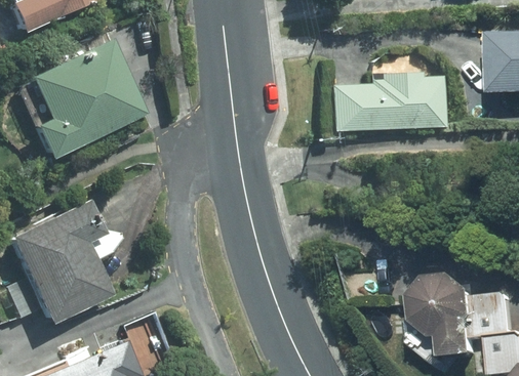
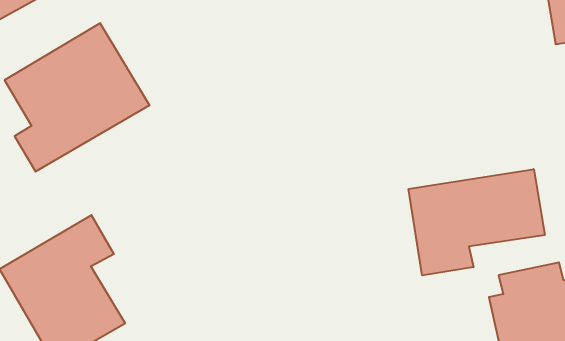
building: [334,74,448,133] -> none
building: none -> [409,169,545,275]

